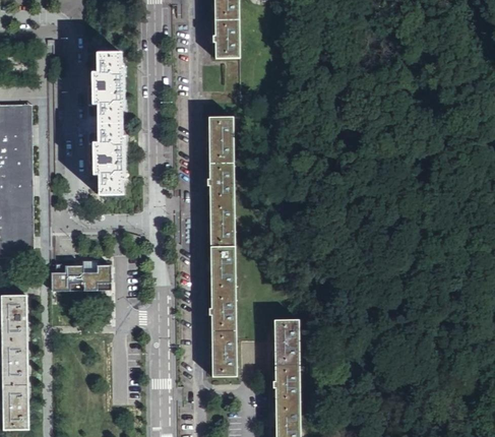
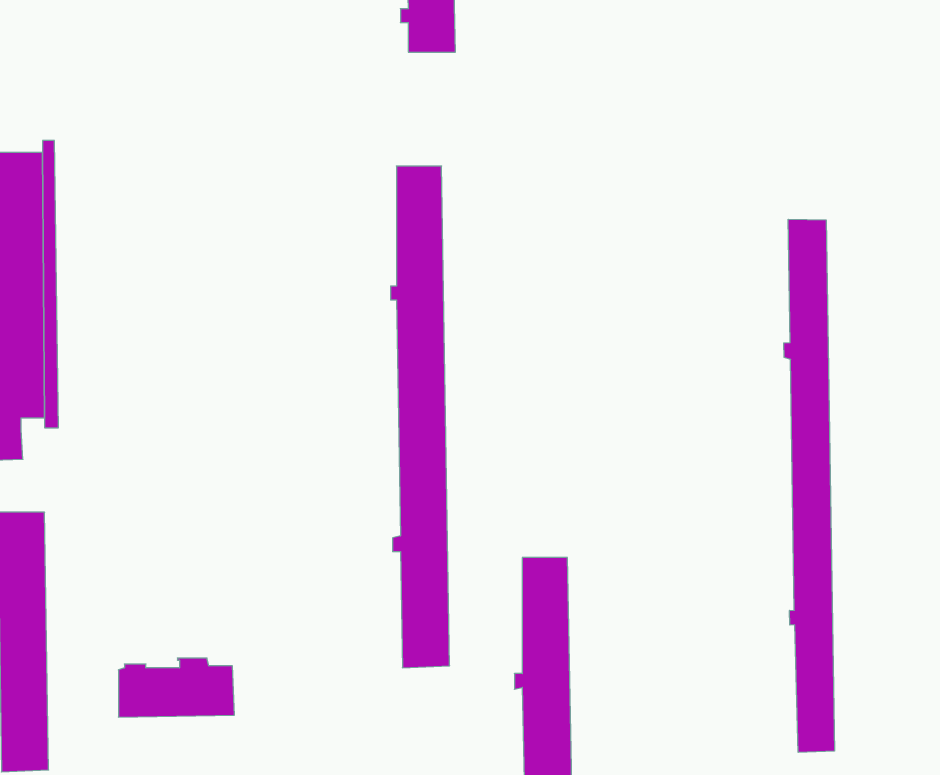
building: [87,54,126,195] -> none
building: none -> [784,219,834,752]
building: [52,259,112,290] -> [118,658,234,717]

